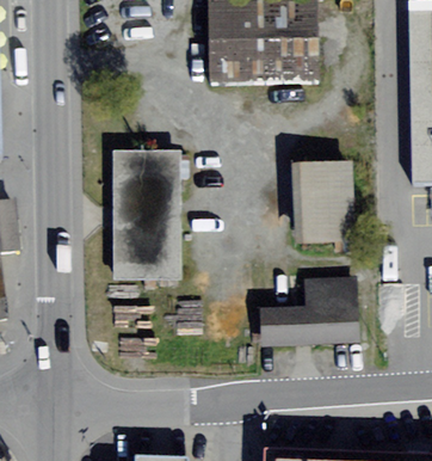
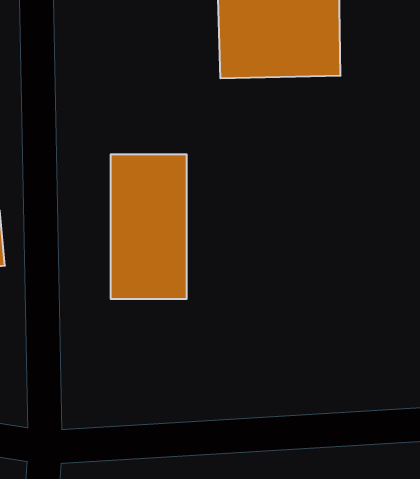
building: [291,161,354,244] -> none
building: [259,277,358,348] -> none

